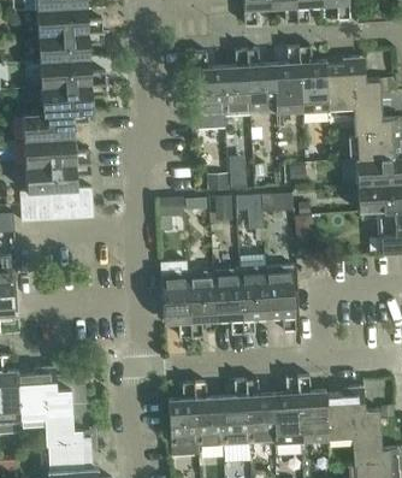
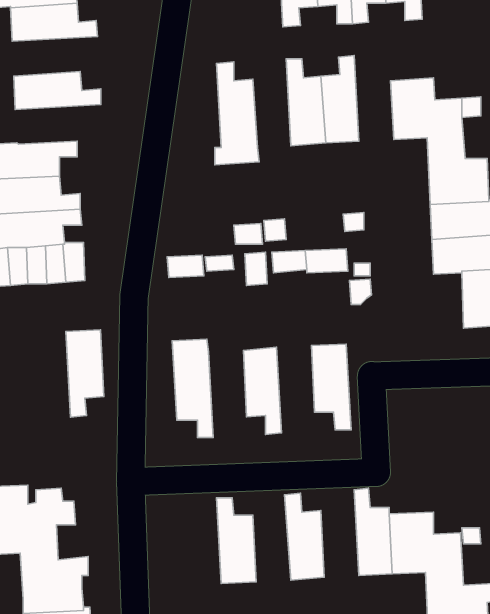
building: [37,33,102,63] -> none
building: [297,46,327,112] -> none
building: [220,49,249,117] -> none
building: [40,84,106,114] -> none
building: [238,255,267,334] -> none
building: [187,271,215,337] -> [66,330,104,417]
building: [272,377,301,455] -> none
building: [220,380,249,447] -> none
building: [167,383,196,449] -> none

